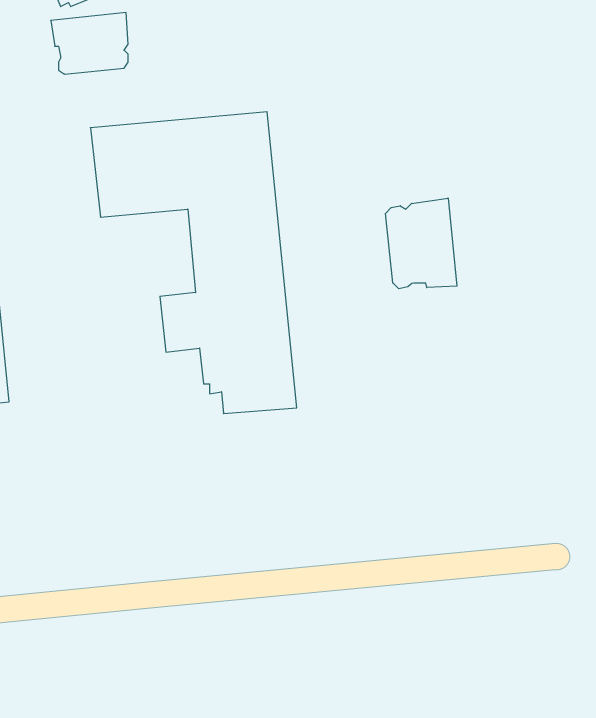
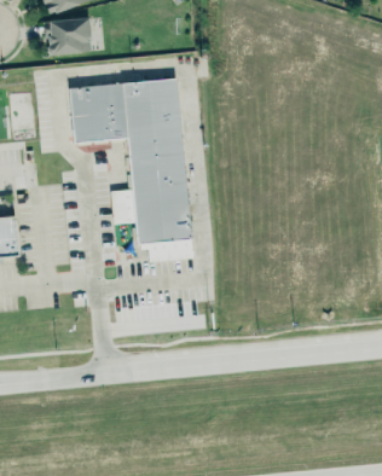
building: [385,198,457,289] -> none

